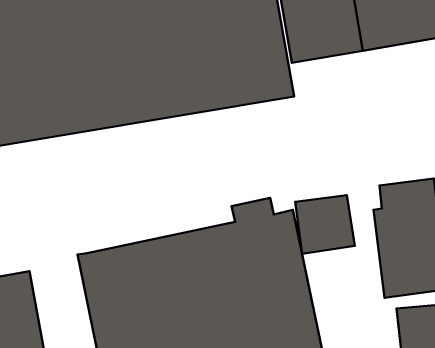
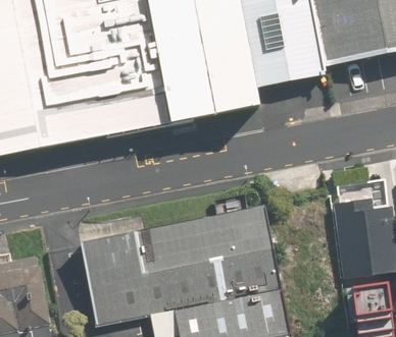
building: [295,195,355,254] -> none

